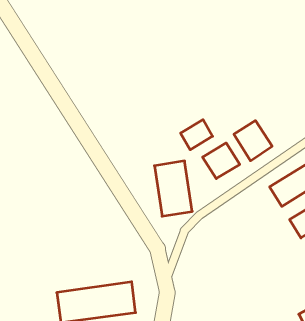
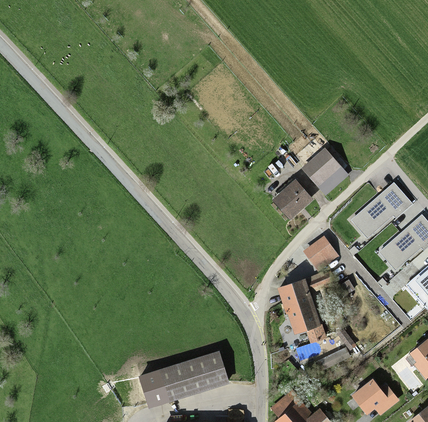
building: [181,120,213,150] -> none
building: [154,161,192,216] -> [273,272,323,337]
building: none -> [307,237,338,268]

